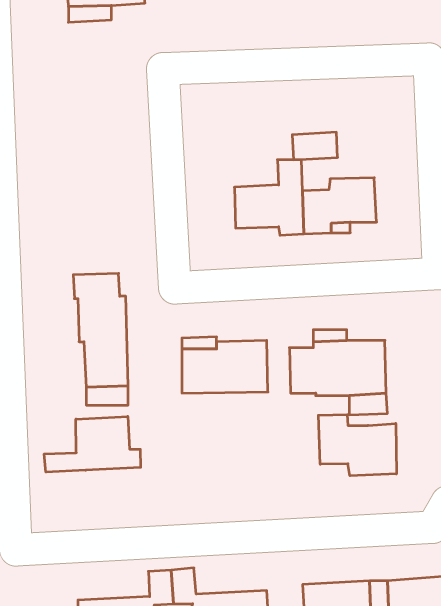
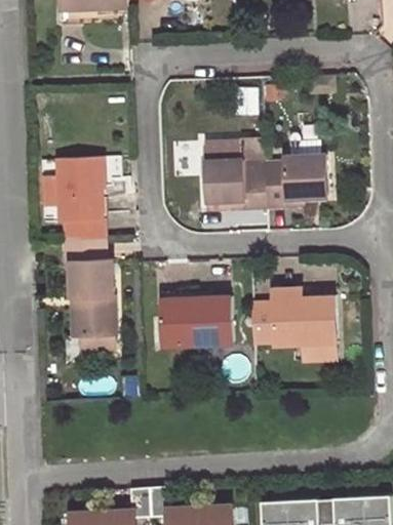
building: [292,132,338,160] -> [203,140,242,164]
building: none -> [58,155,105,239]
building: [318,415,396,476] -> none
building: [44,416,141,472] -> none

